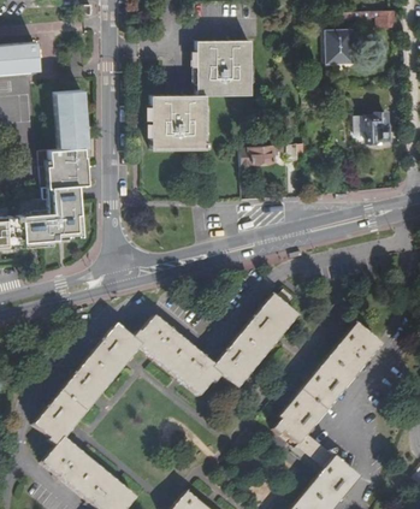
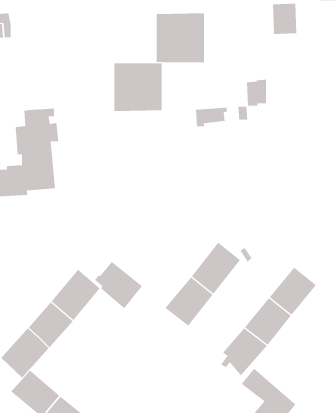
building: [59,90,90,149] -> none
building: [367,112,390,142] -> [246,79,267,106]
building: [165,345,219,397] -> none

